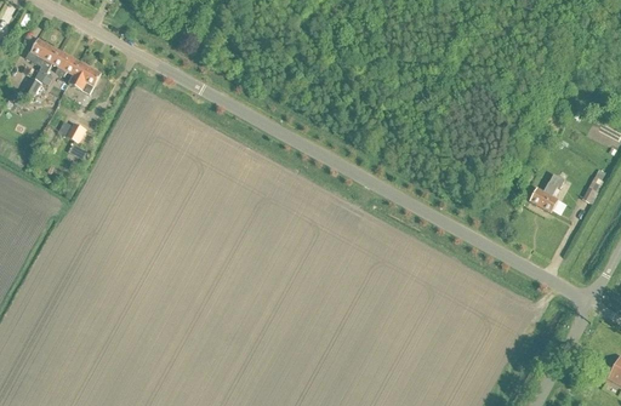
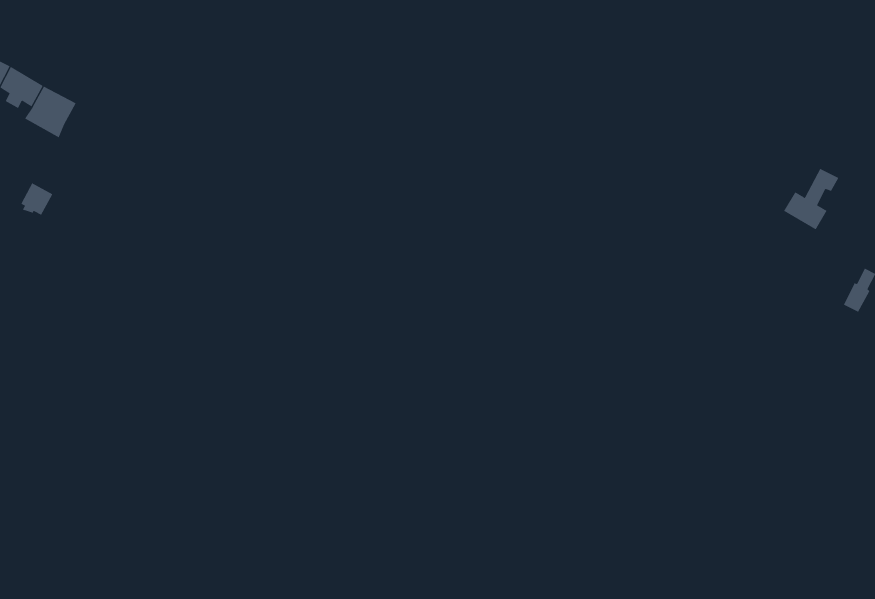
building: [530,173,565,212] -> [783,168,839,230]

